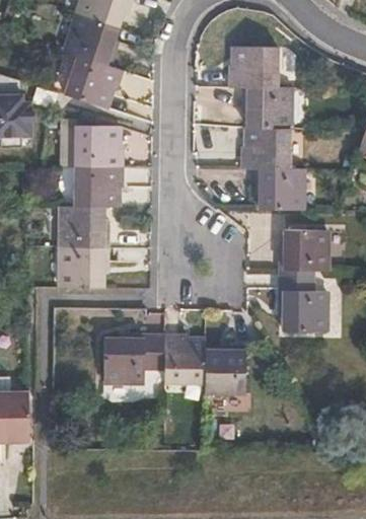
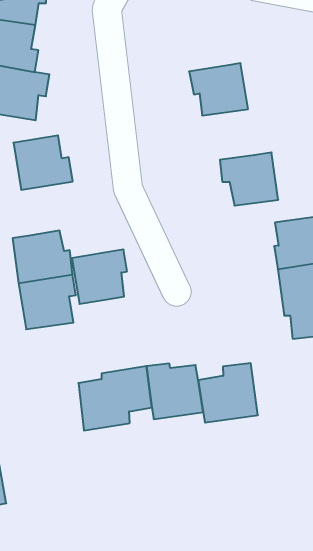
building: [228,47,274,88] -> none
building: [238,128,286,169] -> none
building: [79,166,125,207] -> [72,250,127,304]

